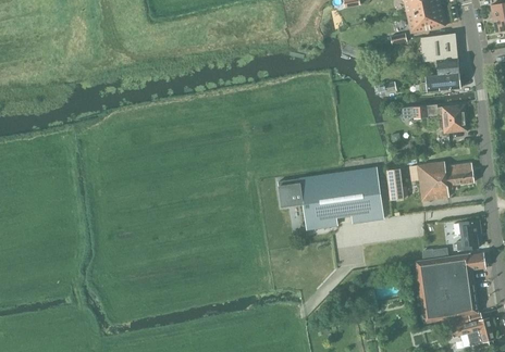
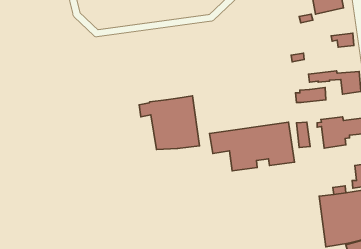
building: [422,34,457,60] -> none
building: [421,72,459,90] -> [296,88,326,102]
building: none -> [139,96,200,149]

